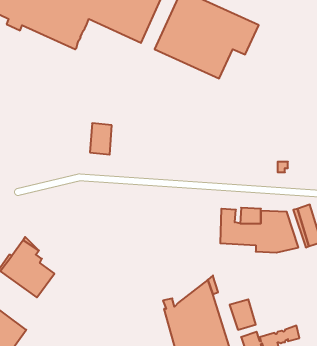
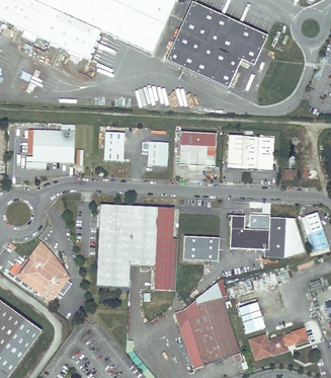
building: none -> [26,129,74,168]
building: none -> [179,130,216,165]
building: none -> [228,134,273,168]
building: none -> [142,140,168,164]
building: none -> [96,205,172,289]
building: none -> [182,235,218,259]

